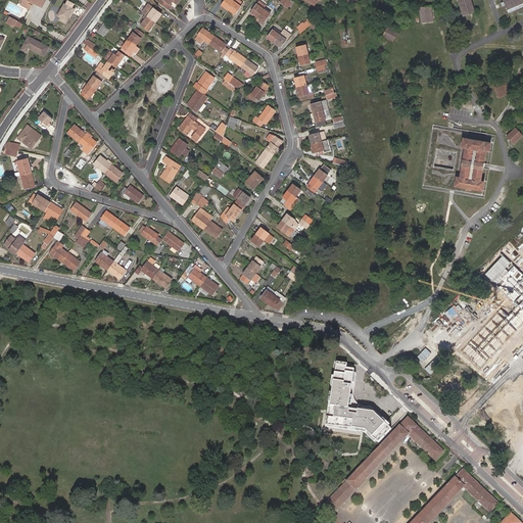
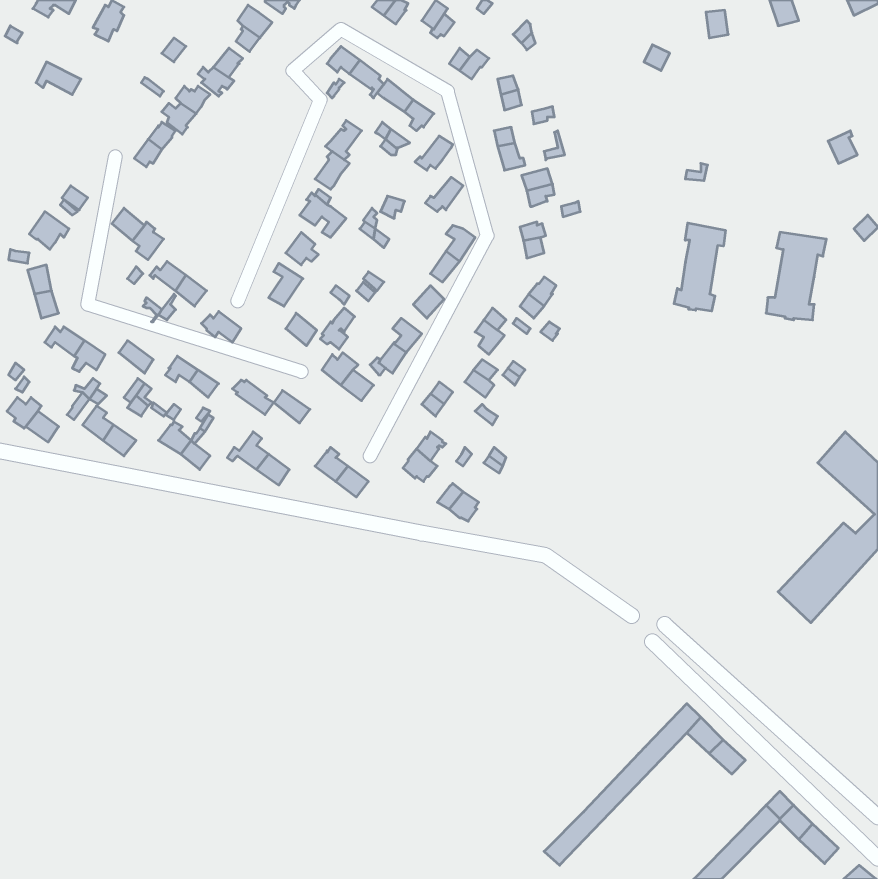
building: none -> [674,223,725,311]
building: [327,363,391,443] -> none

